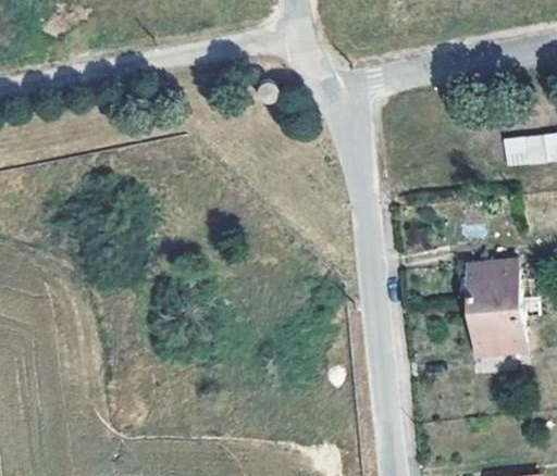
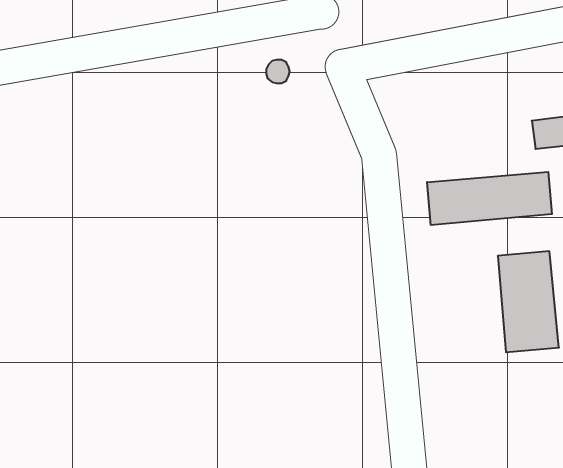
building: none -> [427,172,552,225]

